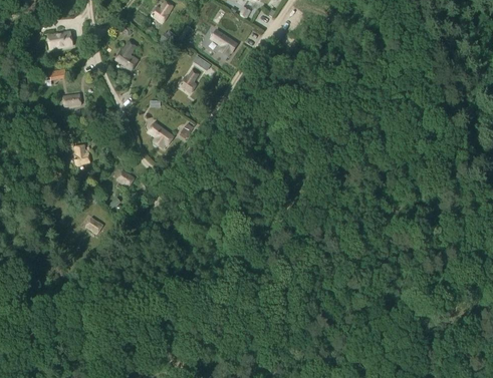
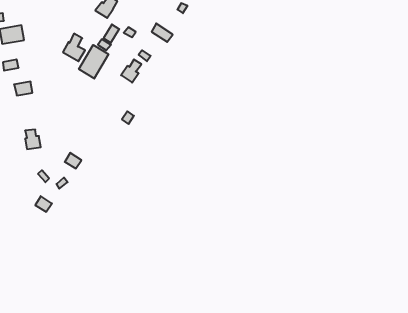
building: none -> [79,45,108,79]
building: [147,121,175,148] -> none

